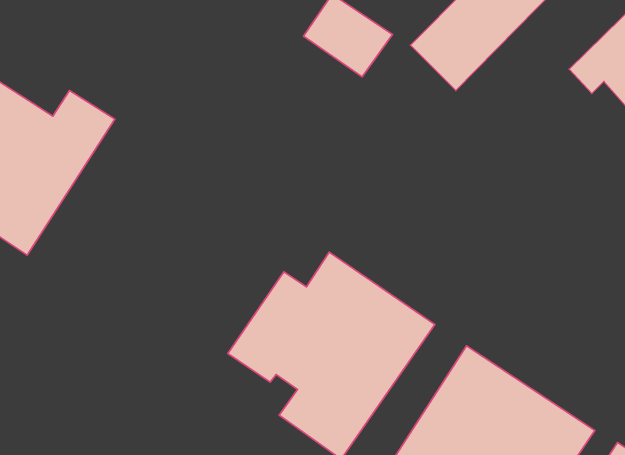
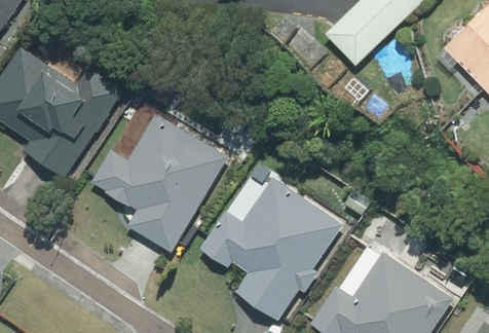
building: none -> [93,109,230,254]

